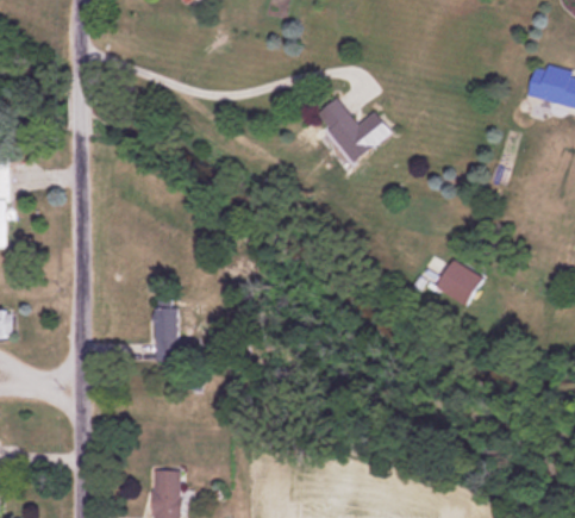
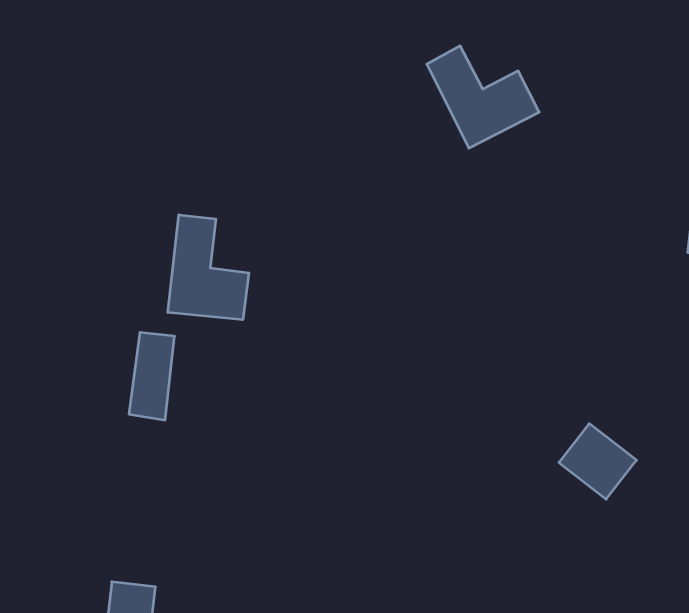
building: none -> [168,215,249,320]
building: [432,257,482,305] -> [559,424,637,499]

